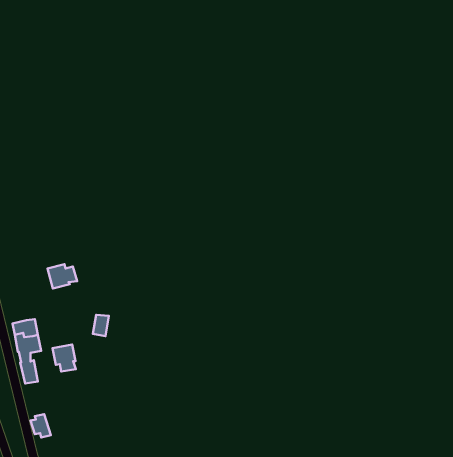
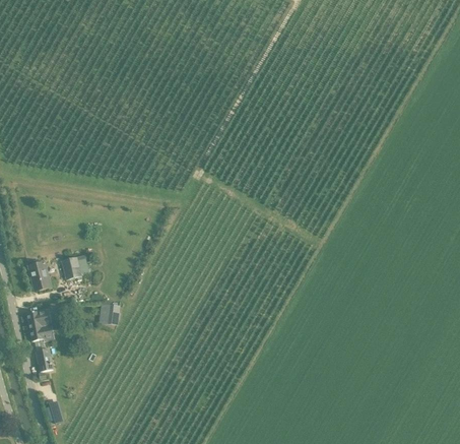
building: none -> [26,261,50,291]
building: [52,345,76,371] -> none

